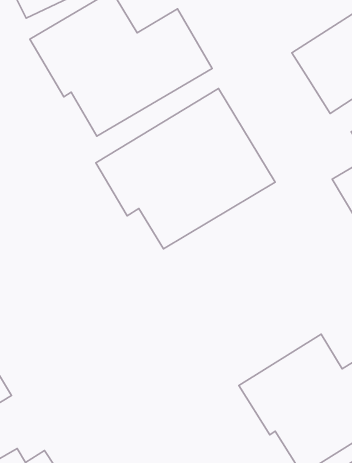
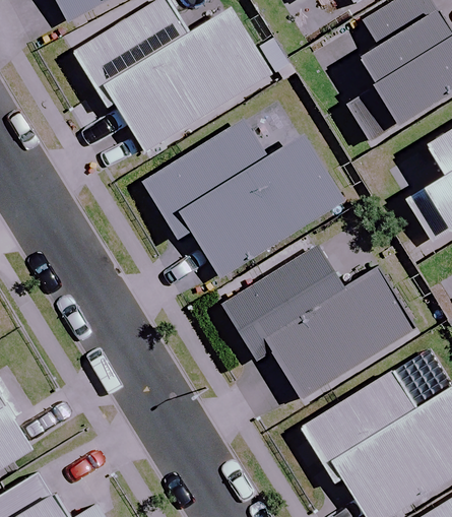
building: none -> [225,249,417,399]

